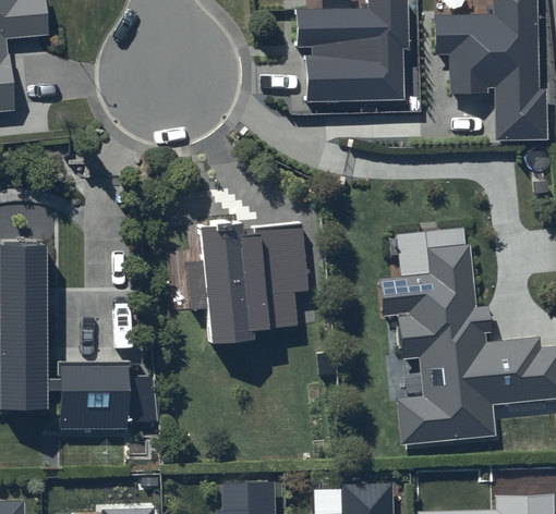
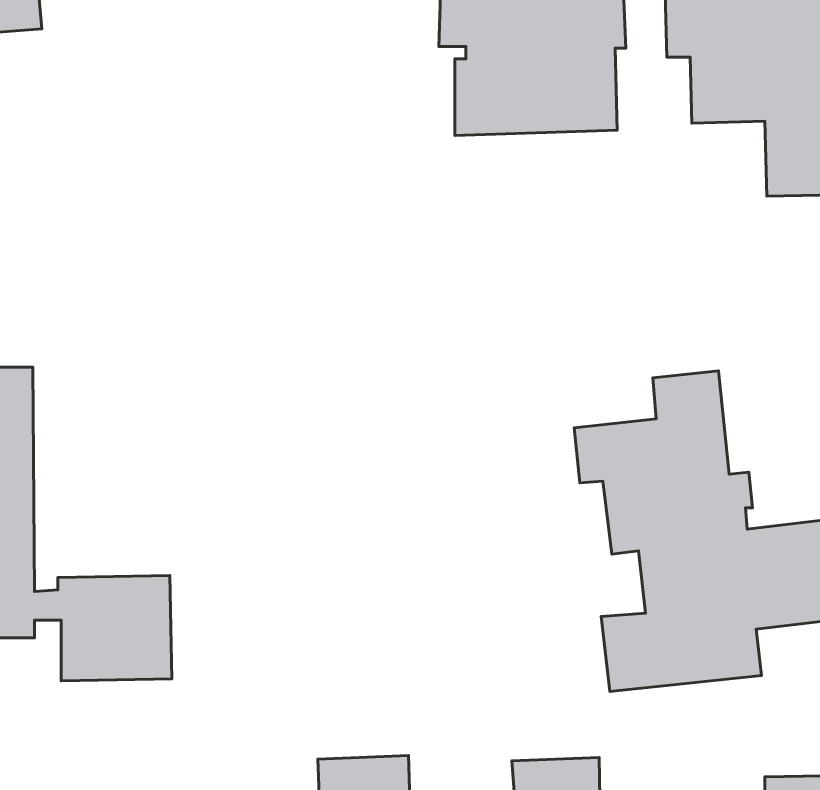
building: [185,220,311,344] -> none

